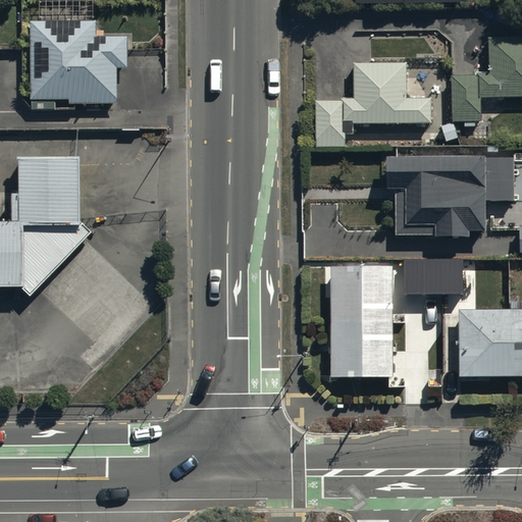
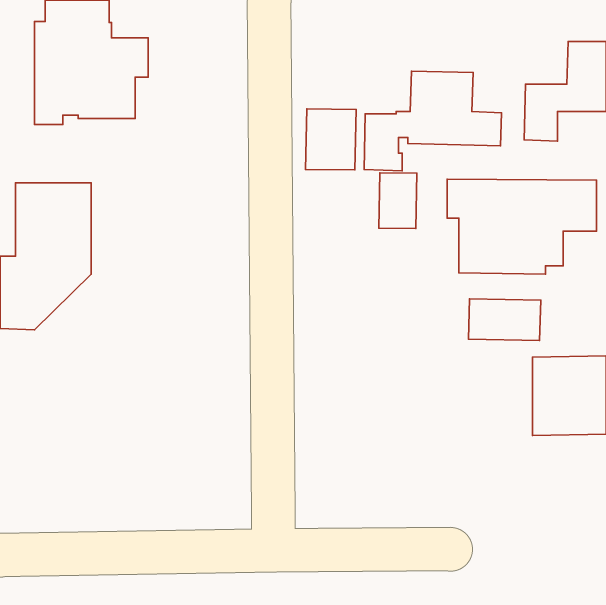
building: none -> [306,109,356,170]
building: none -> [379,173,417,229]
building: [330,263,393,376] -> none

